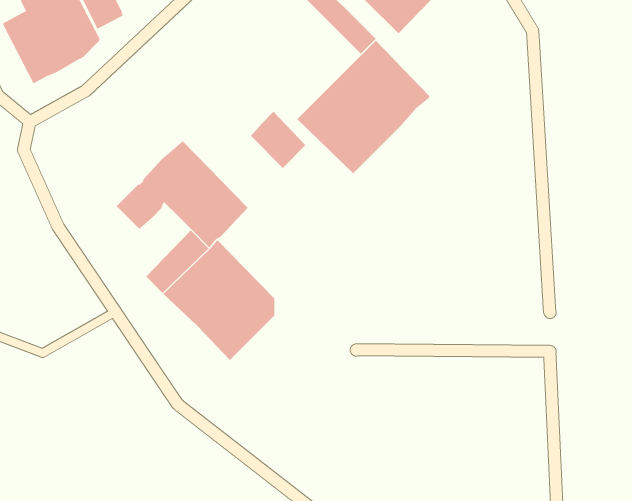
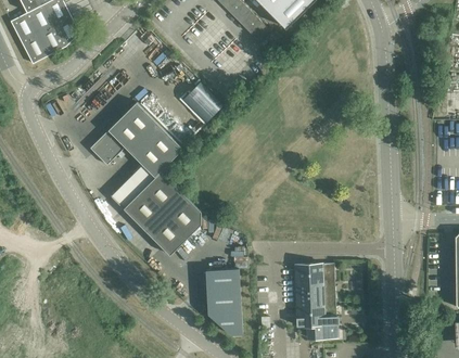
building: [296,40,431,174] -> none
building: none -> [295,263,336,337]
building: none -> [205,268,242,334]

